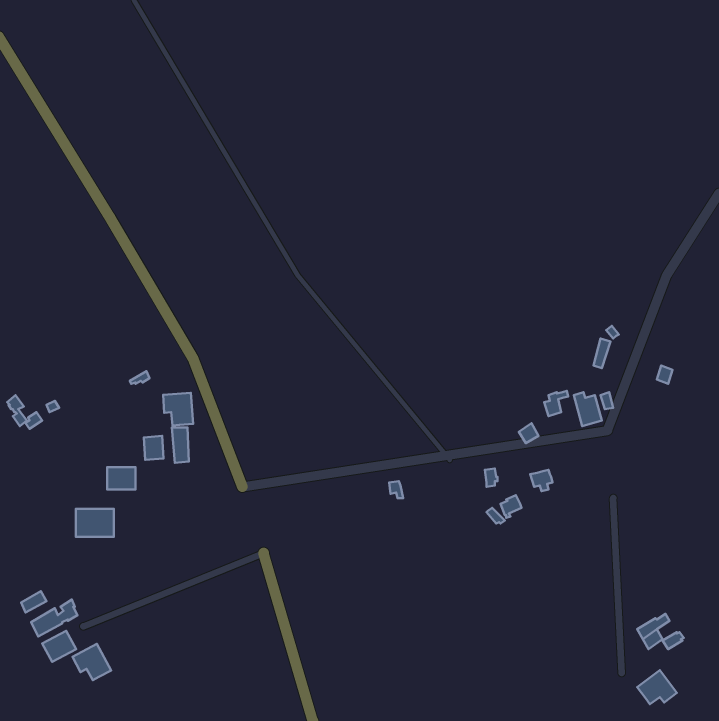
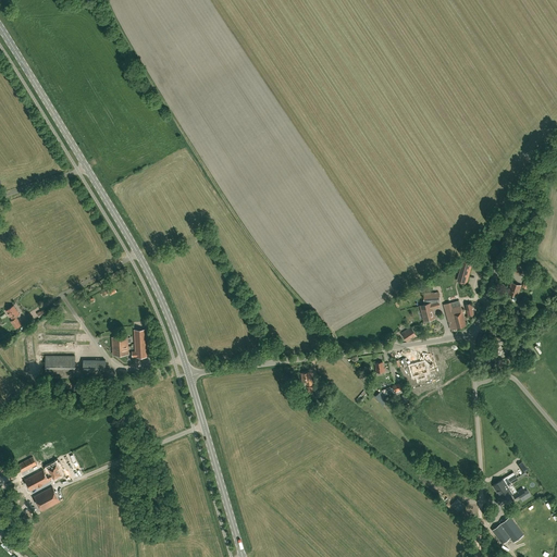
building: [163,393,193,425] -> none
building: [76,509,114,537] -> [45,356,74,377]
building: [73,644,111,680] -> none

